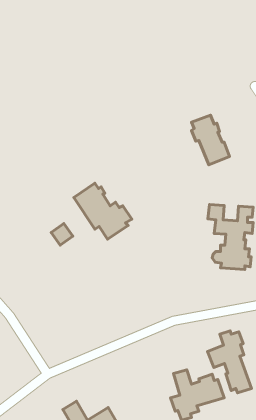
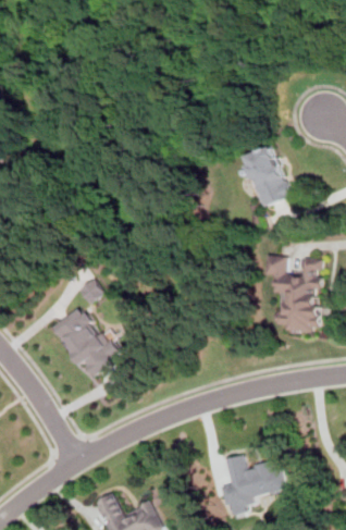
building: [74,183,132,239] -> [52,310,122,378]
building: [208,331,251,393] -> none

